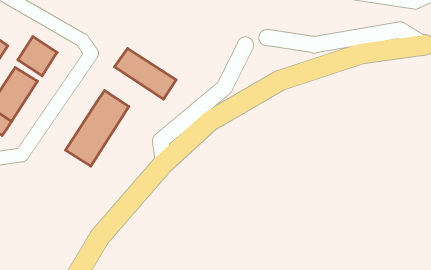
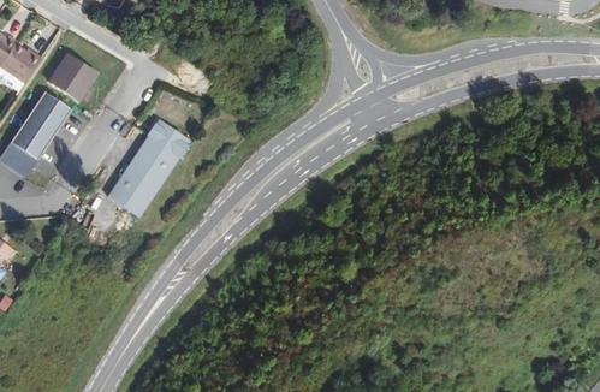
building: [115,49,176,99] -> none

